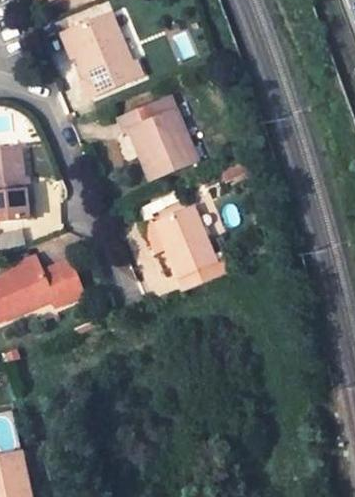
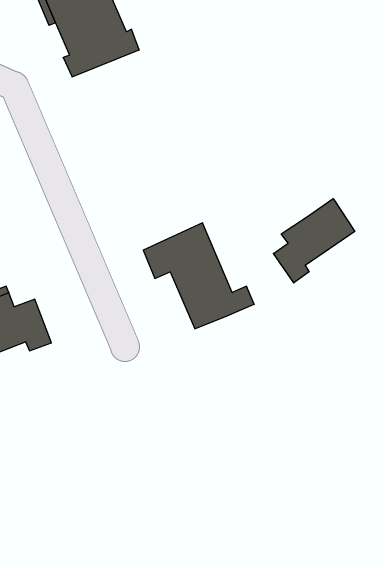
building: [119,99,196,177] -> none
building: none -> [273,199,355,283]

